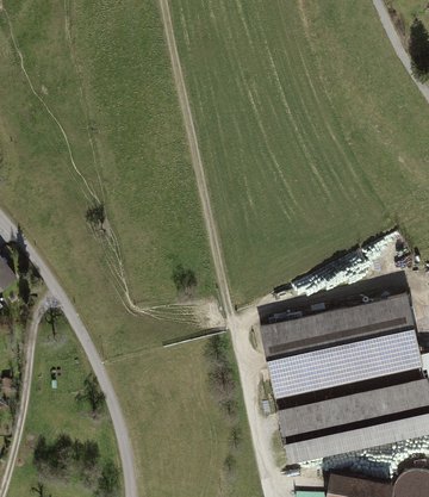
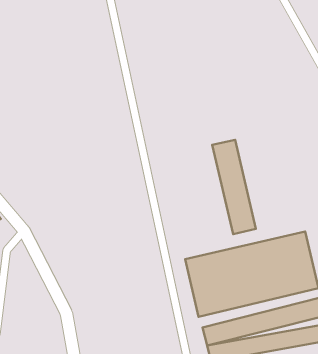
building: none -> [212,140,256,234]

